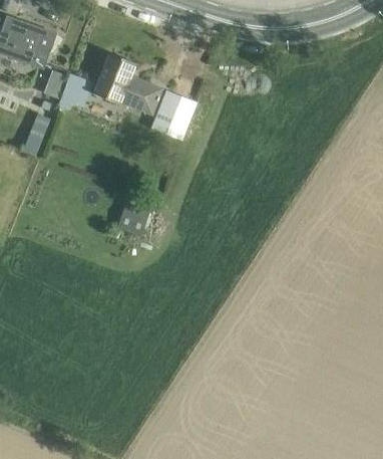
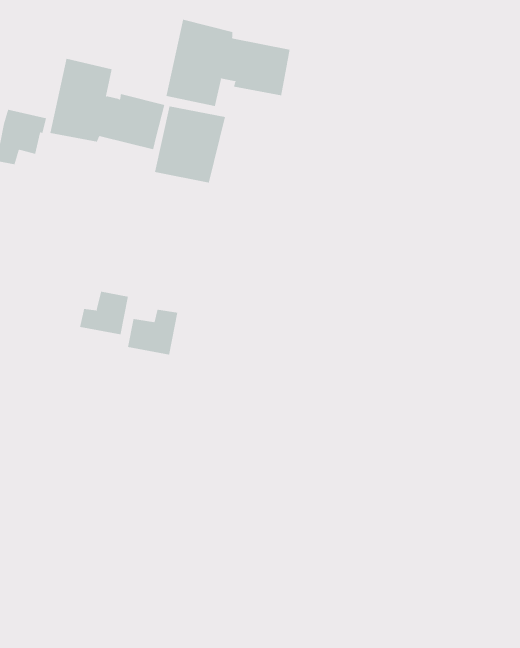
building: none -> [166,19,290,107]
building: none -> [79,291,128,335]

